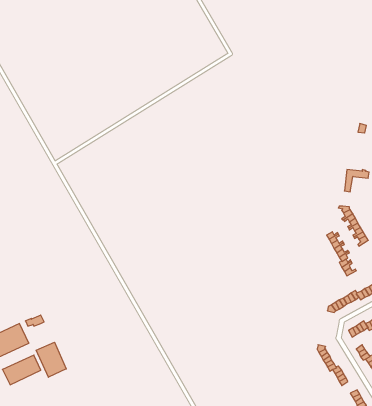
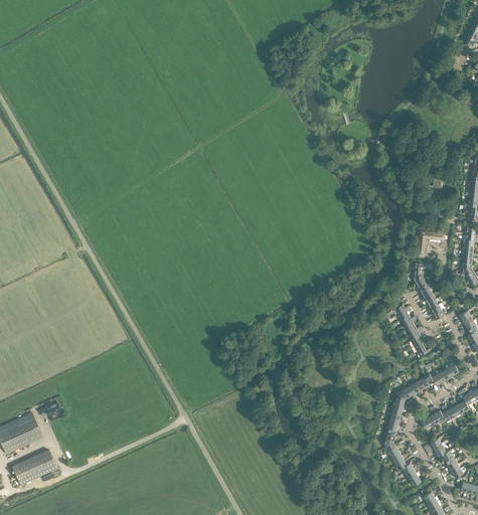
building: [36,342,66,377] -> none

